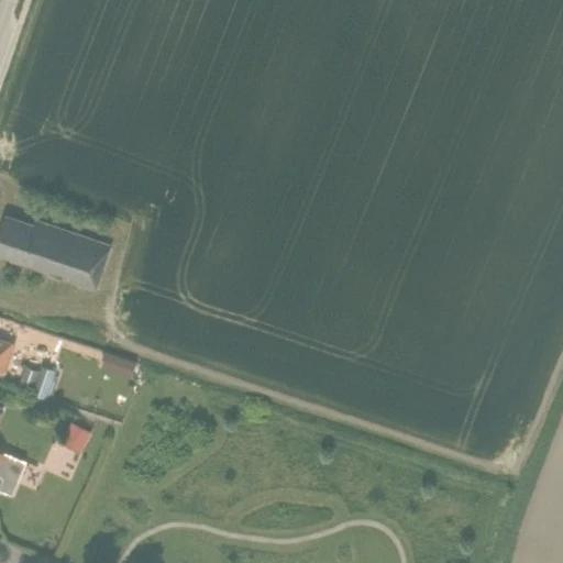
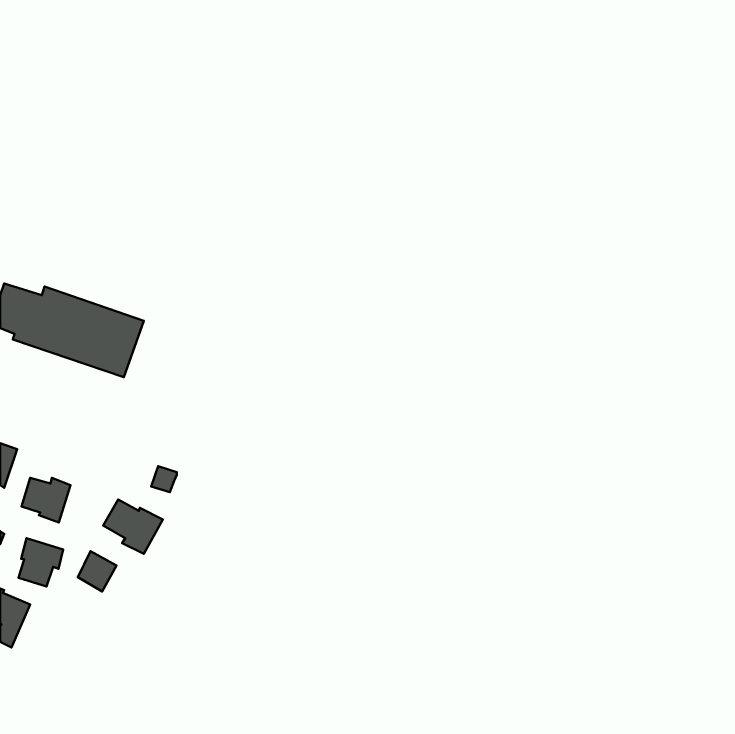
building: none -> [103,499,163,554]
building: none -> [19,538,63,587]

